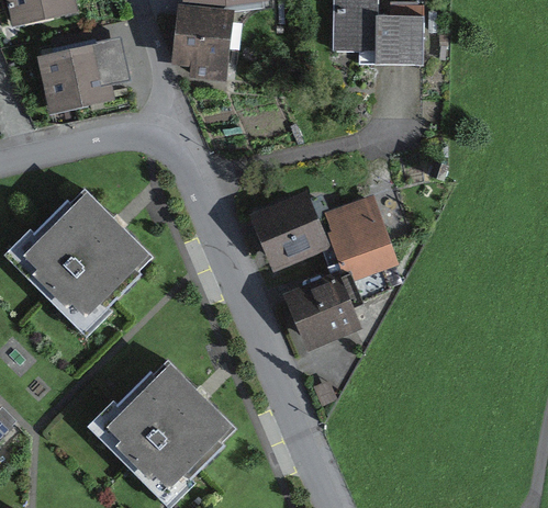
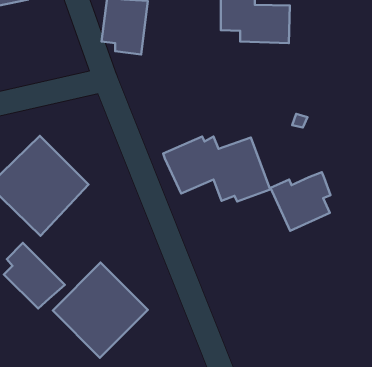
building: [42,44,123,106] -> none
building: [280,273,361,352] -> [271,172,331,231]
building: none -> [4,243,65,309]

